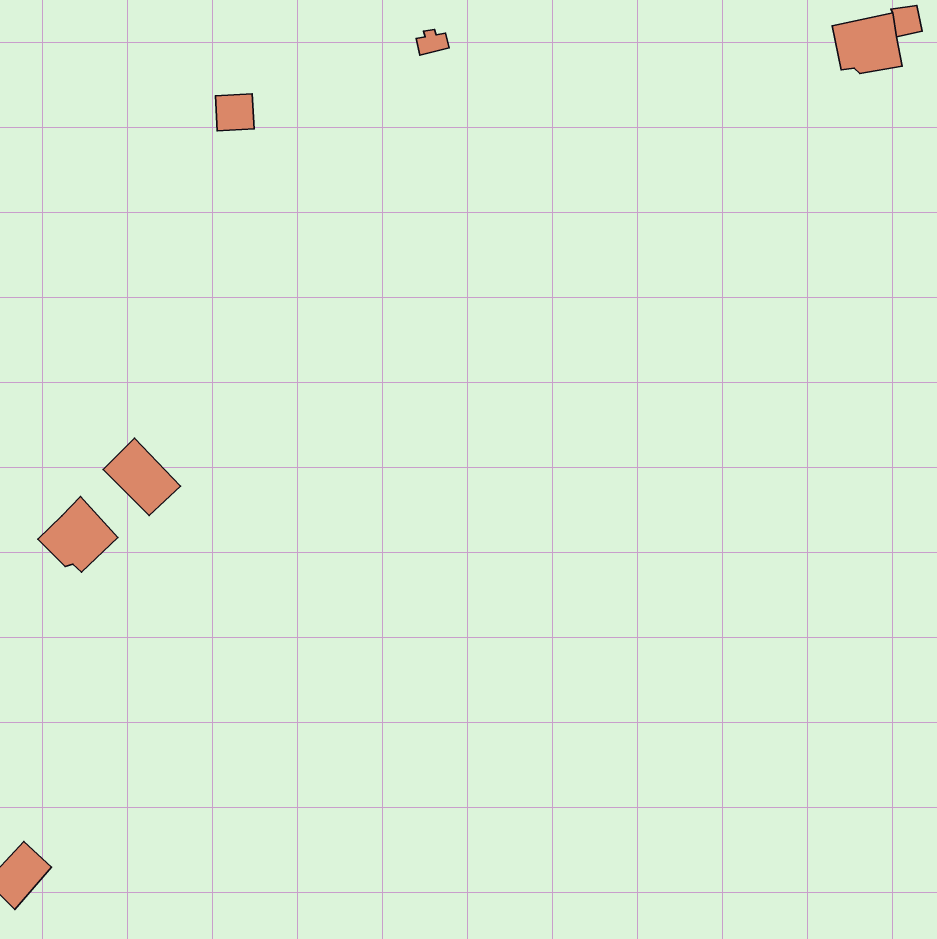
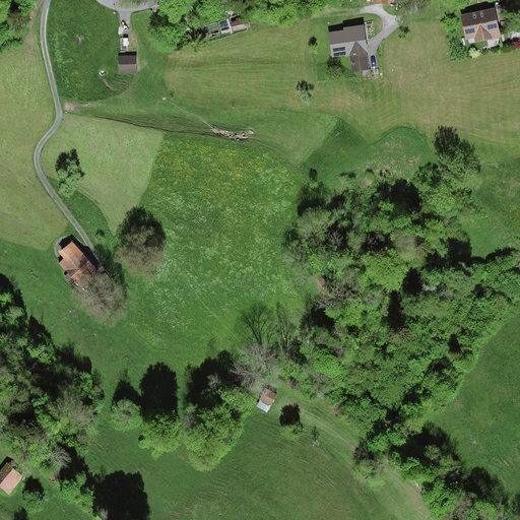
building: none -> [327,24,368,72]
building: [38,497,118,572] -> none

